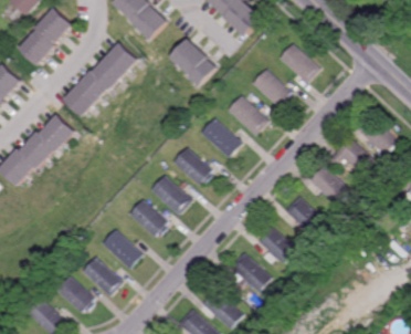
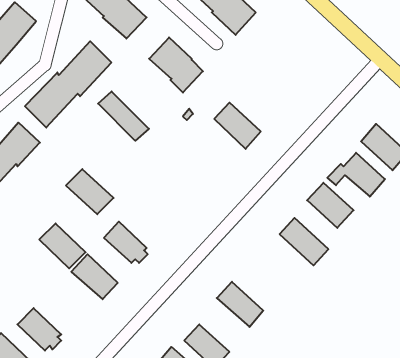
building: [280,42,320,83] -> none
building: [252,69,291,107] -> none
building: none -> [98,91,149,141]
building: [201,118,242,158] -> none
building: [175,148,212,185] -> none
building: [151,176,193,216] -> [66,169,114,214]
building: [257,228,296,264] -> none
building: [81,258,122,298] -> [39,223,86,268]

